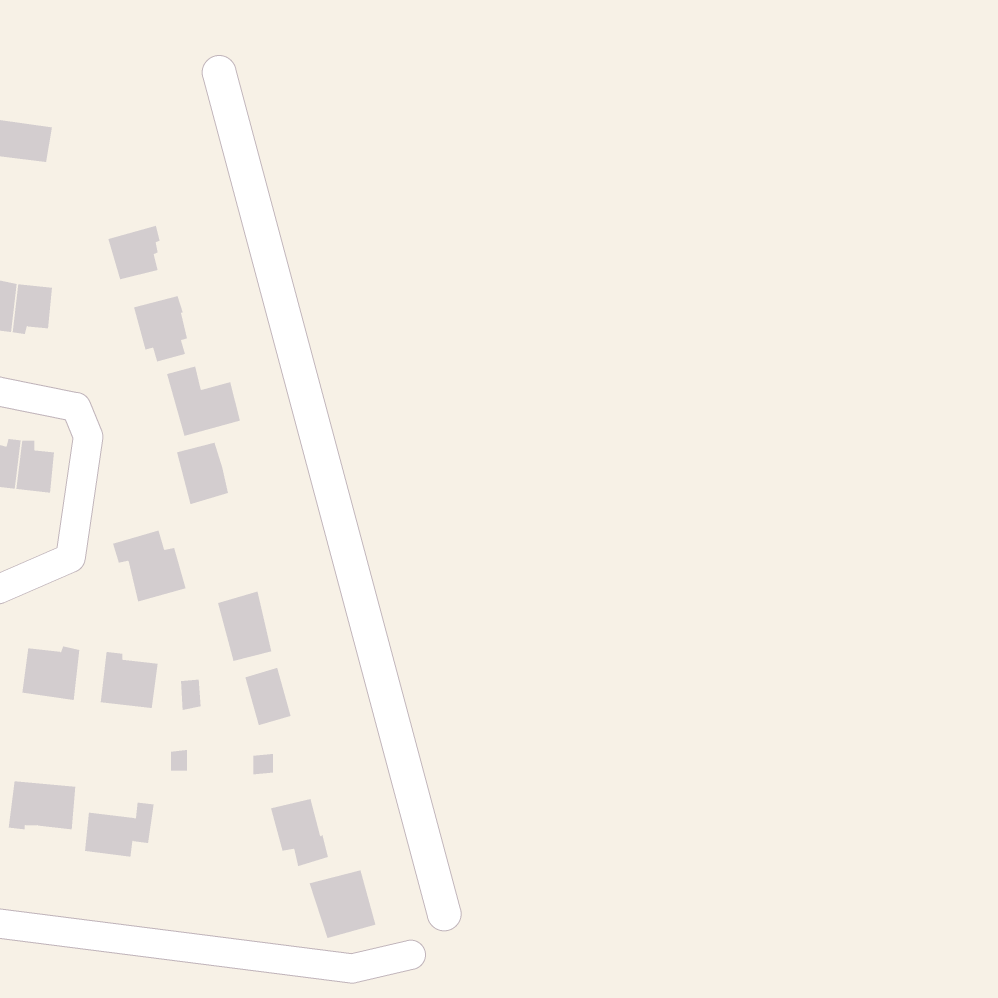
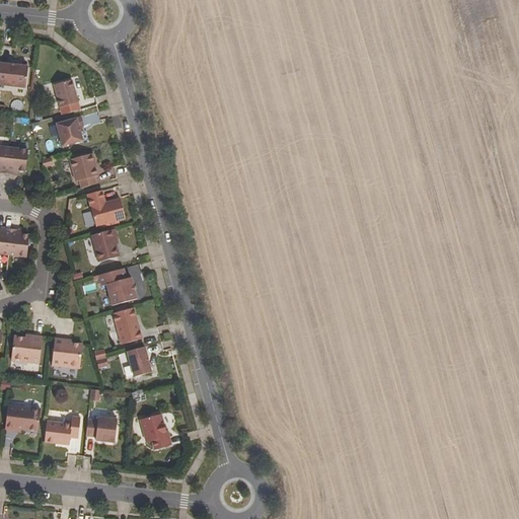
building: none -> [54,79,77,106]
building: [112,530,186,602] -> [98,268,137,305]
building: none -> [85,417,117,442]
building: [309,869,376,939] -> none

